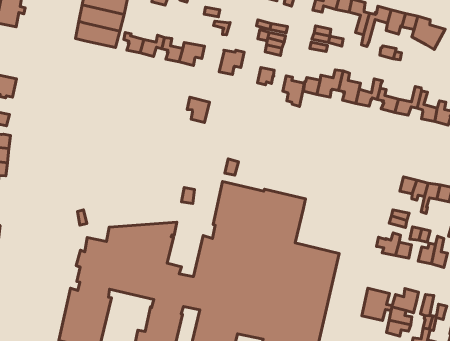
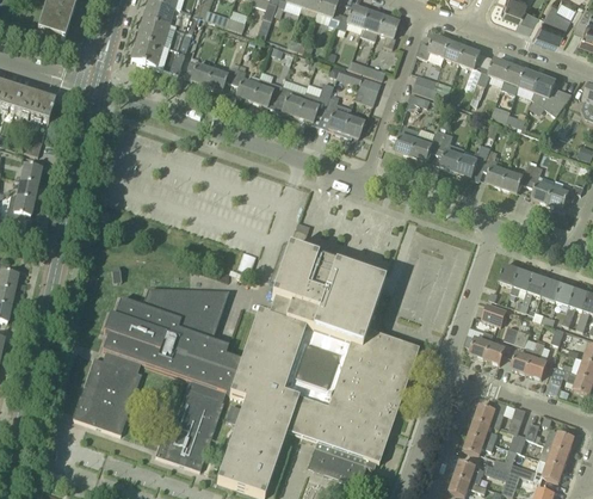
building: [283,76,304,107] -> [323,96,350,134]
building: [187,97,209,123] -> [278,84,305,116]
building: [362,288,392,321] -> none

